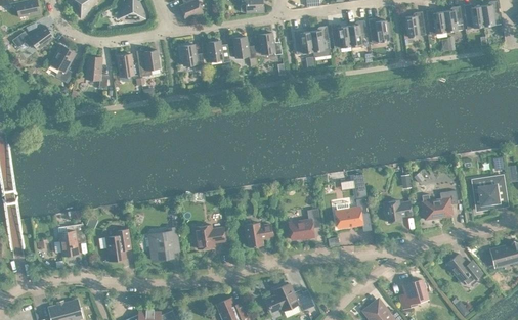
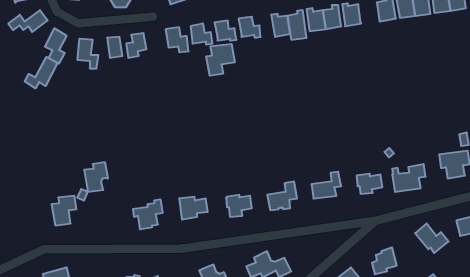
building: none -> [206,44,235,76]
building: none -> [25,57,58,88]
building: [104,229,130,261] -> [84,162,108,192]

